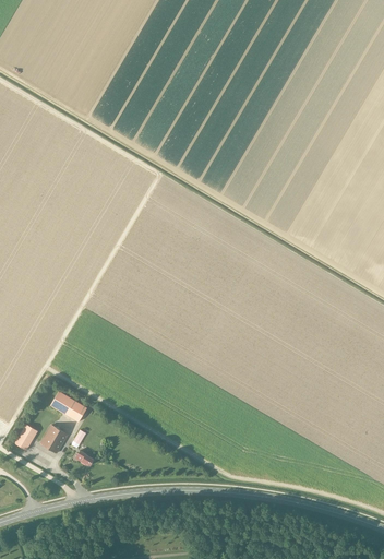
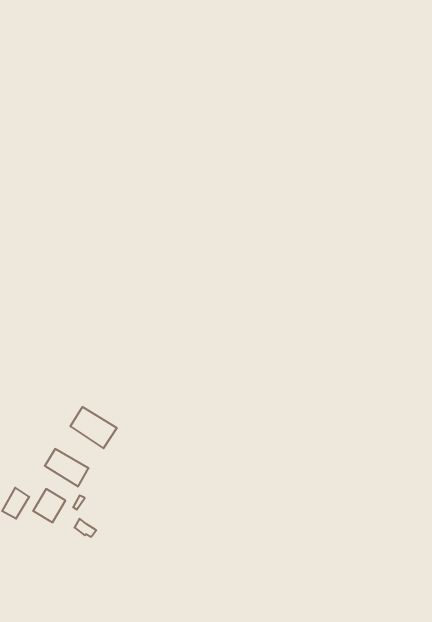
building: none -> [70,407,117,448]

